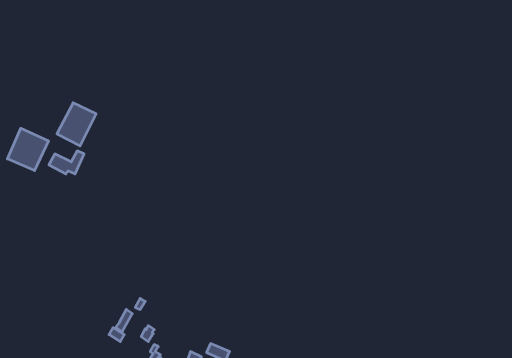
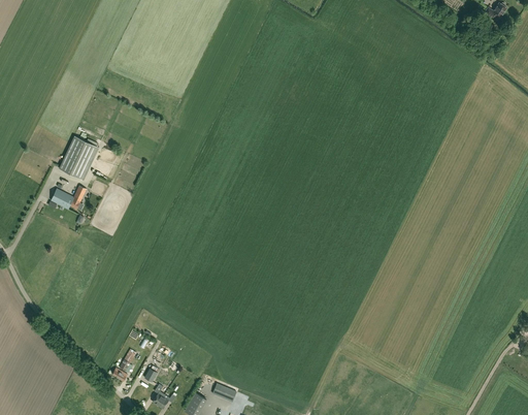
building: [7,128,48,171] -> none

